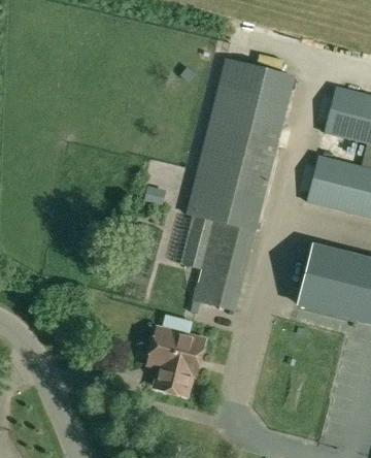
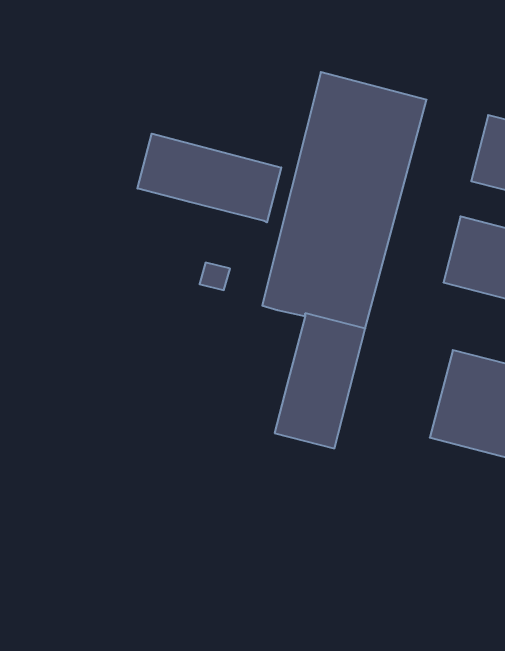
building: none -> [137,134,281,222]
building: [184,218,214,268] -> none
building: [148,329,203,394] -> none

